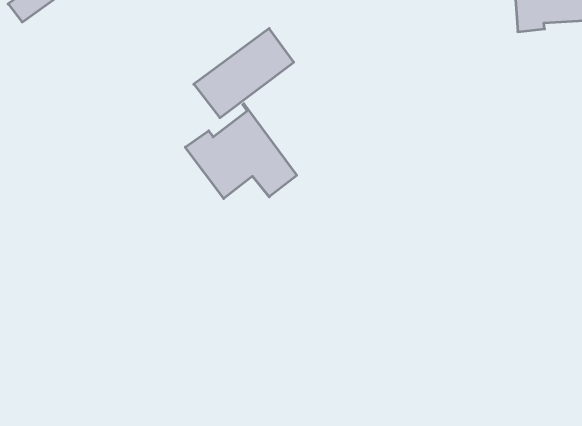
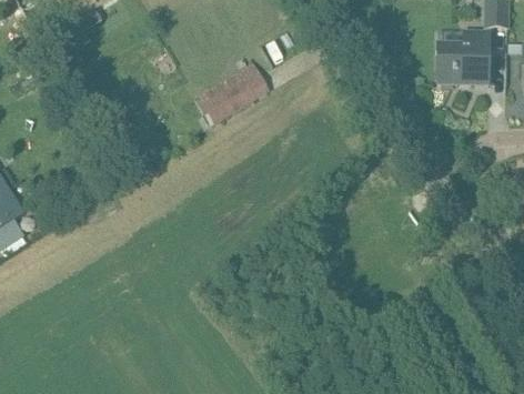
building: [185,104,297,199] -> none

